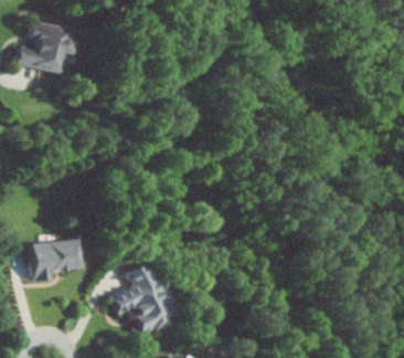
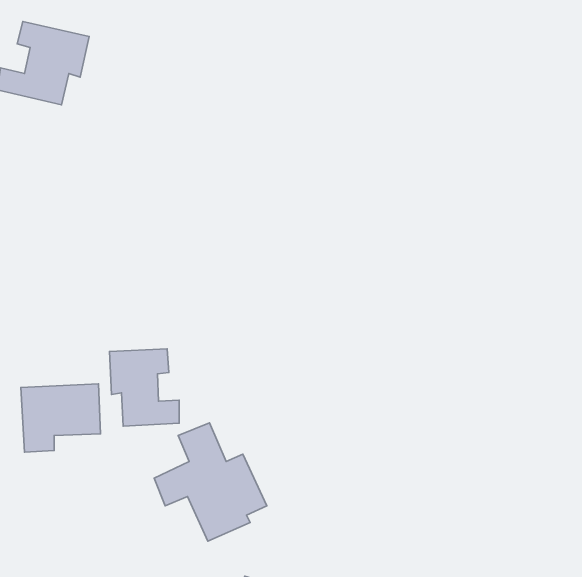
building: none -> [110,349,179,426]

